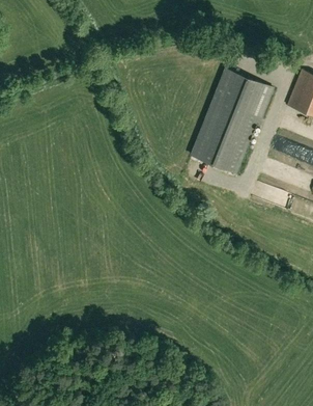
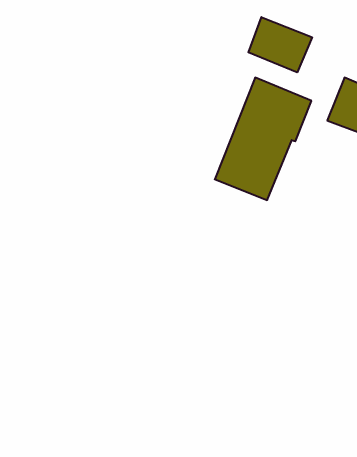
building: none -> [248,17,312,72]

